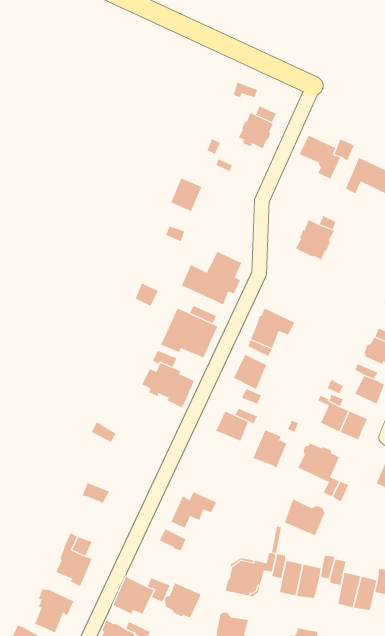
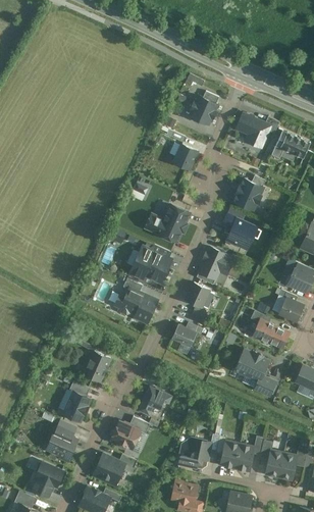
building: [170,177,202,212] -> [172,144,197,170]
building: none -> [222,213,260,251]
building: [253,429,287,469] -> none
building: none -> [82,353,113,385]
building: none -> [62,393,90,422]
building: [284,499,325,536] -> none
building: [164,582,201,618] -> [110,422,139,450]

